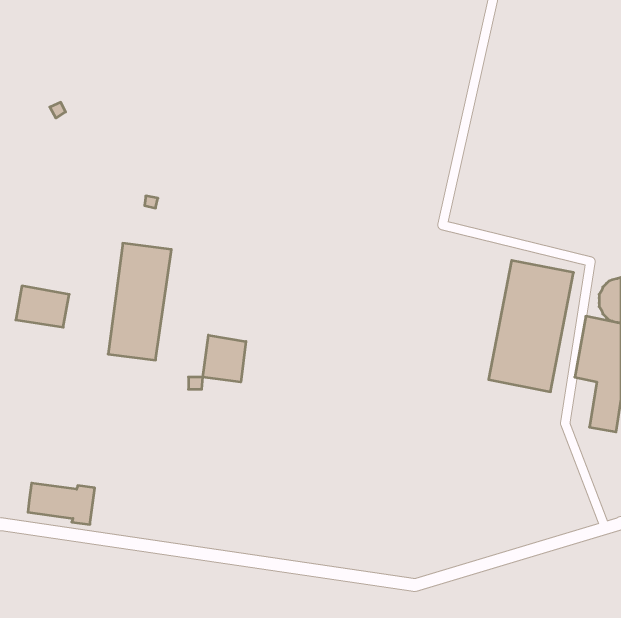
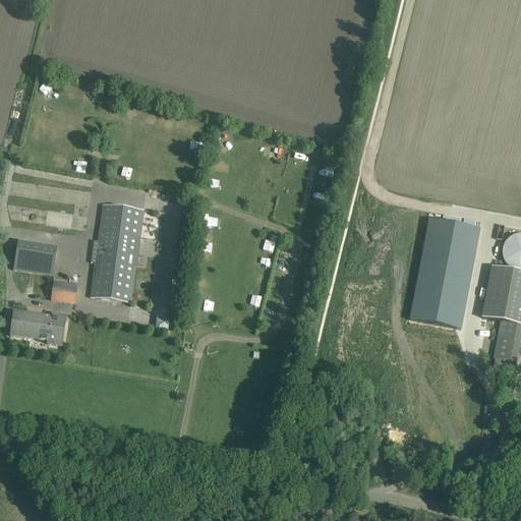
building: none -> [51,279,77,302]
building: [203,335,246,382] -> none
building: [28,483,95,524] -> [10,309,66,344]

